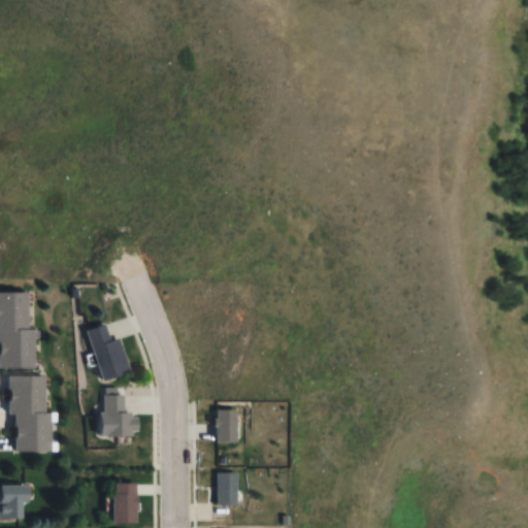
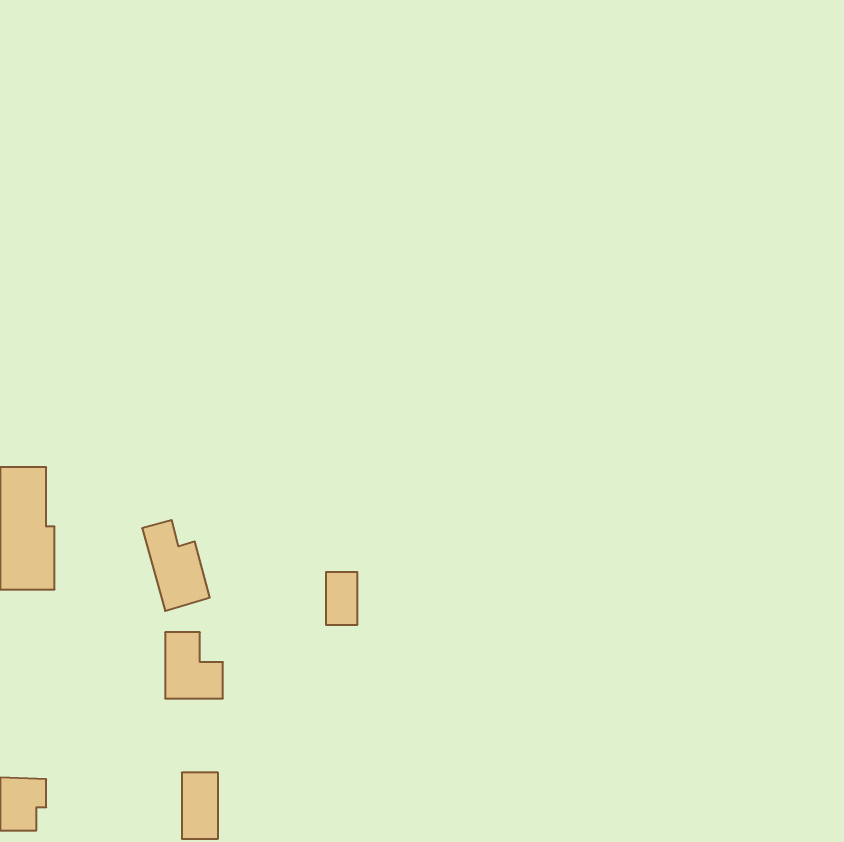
building: [11,375,48,453] -> none
building: [216,409,235,442] -> [326,572,357,625]
building: [217,473,236,505] -> none

